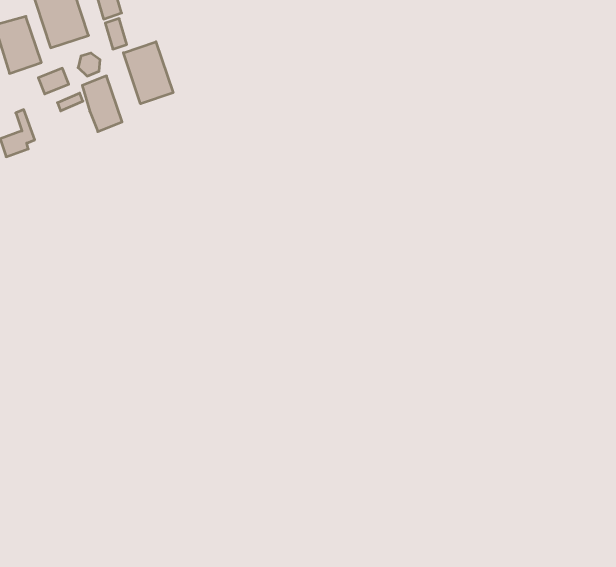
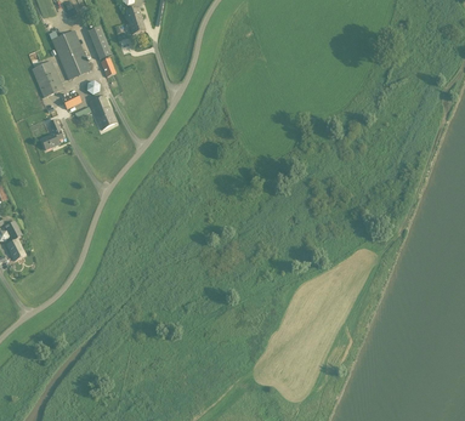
building: [123,42,173,104] -> none

